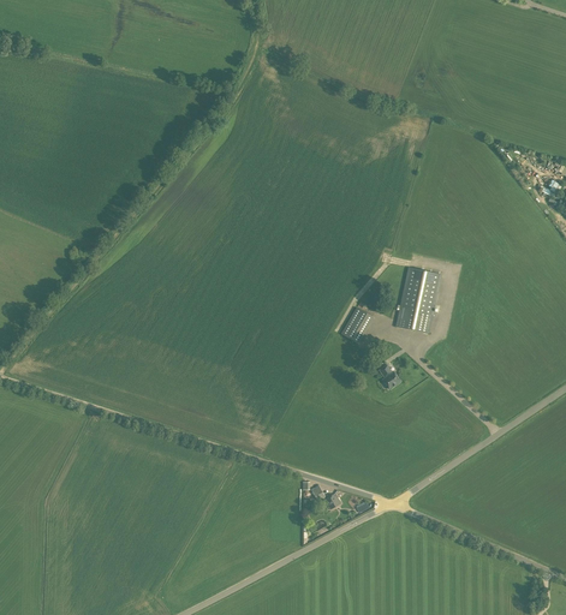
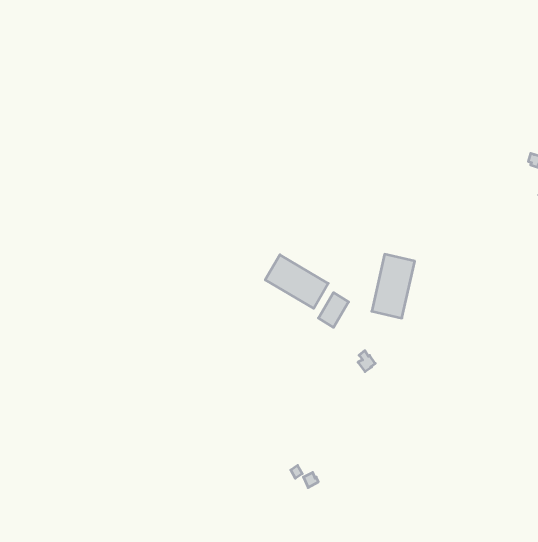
building: none -> [265,255,328,308]

